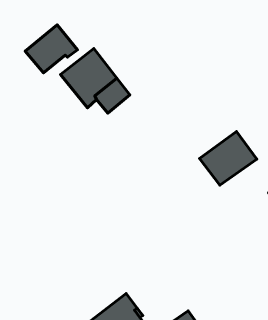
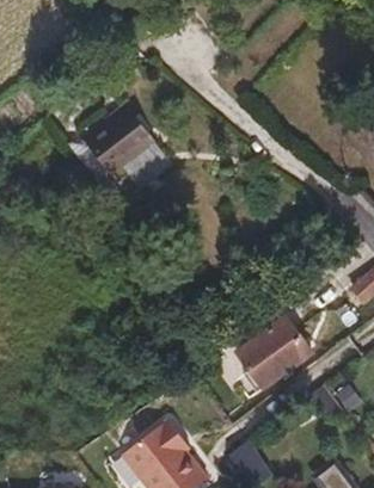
building: [25,25,77,73] -> none
building: [200,132,257,185] -> [237,317,311,387]

